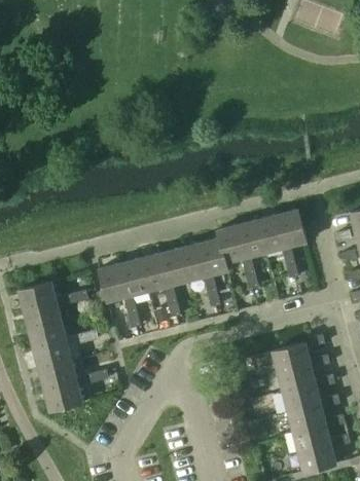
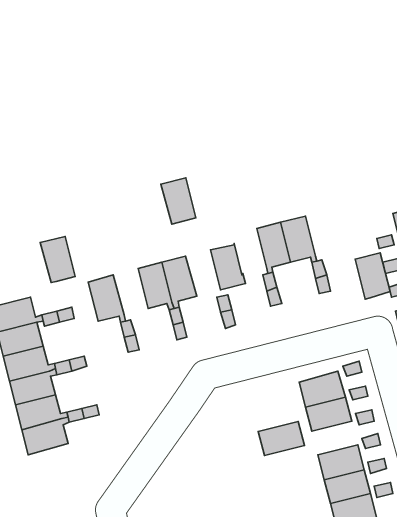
building: [278,210,307,248] -> [355,253,390,299]
building: [217,225,246,263] -> none
building: [179,243,208,281] -> [161,178,196,224]
building: [119,258,148,296] -> [40,236,75,283]
building: [283,383,321,411] -> [258,422,304,455]

